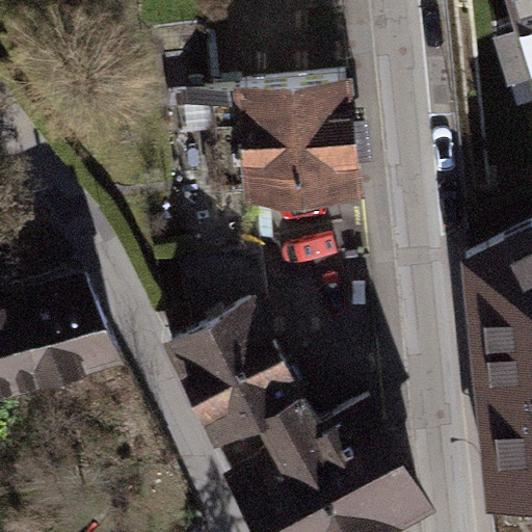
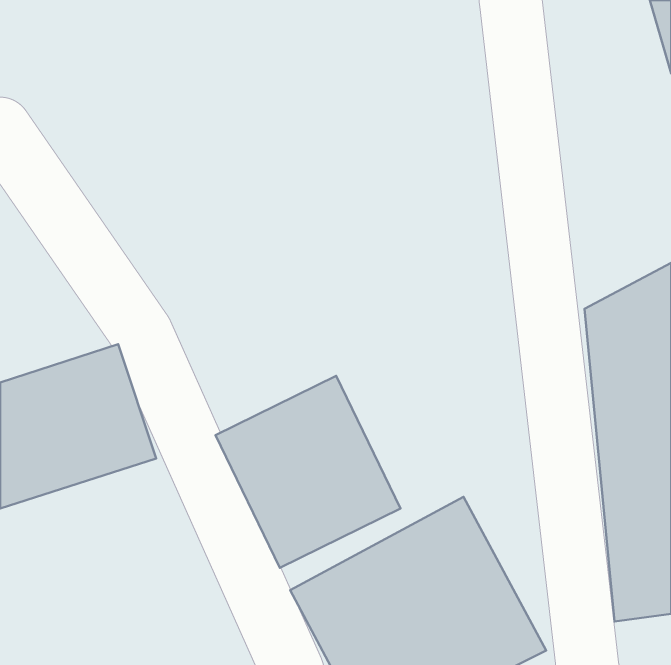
building: [250,85,360,209] -> none

